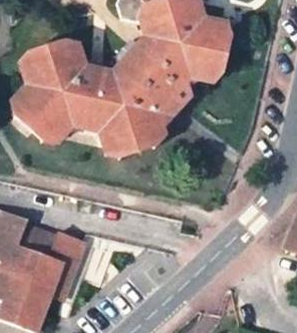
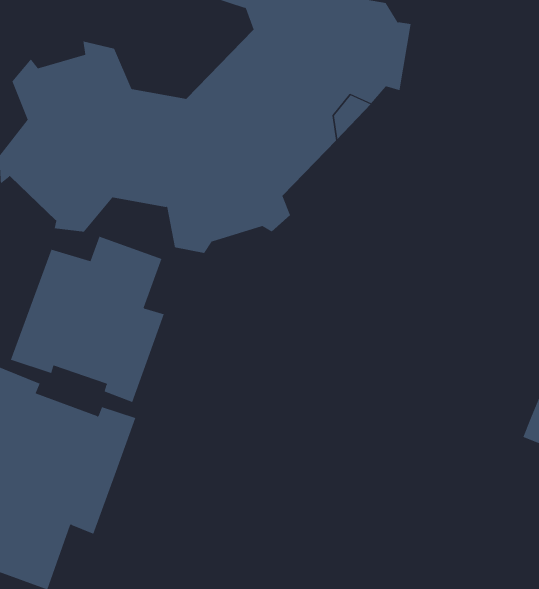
building: none -> [10,236,164,403]

